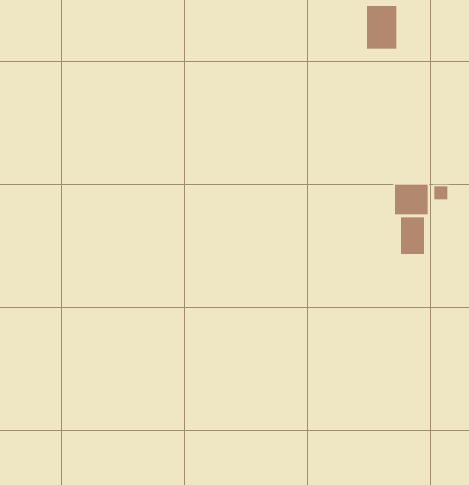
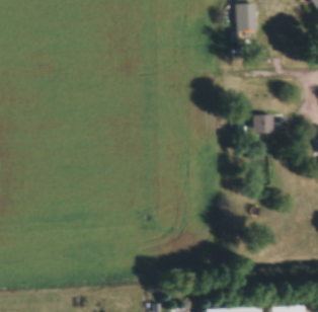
building: [400,216,425,255] -> none

